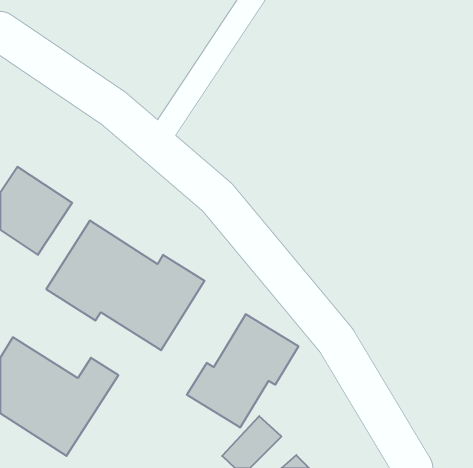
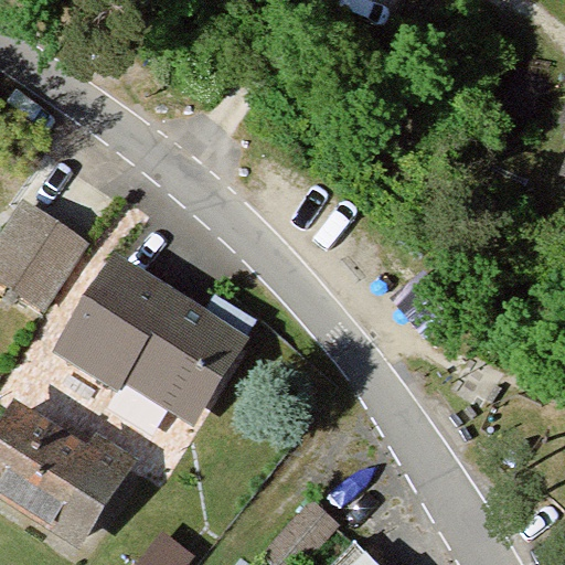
building: [187,314,298,428] -> none

